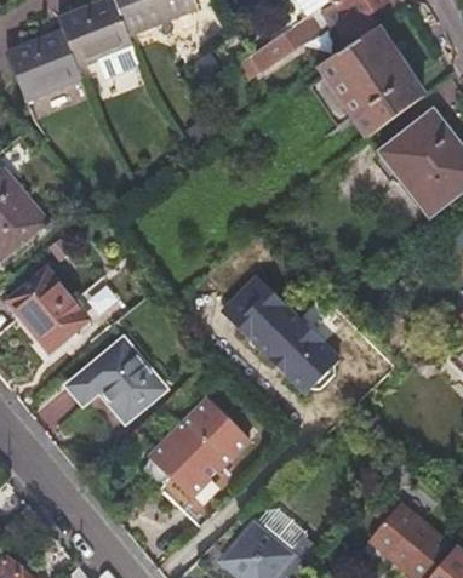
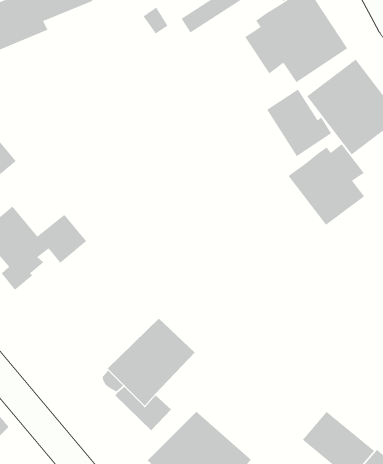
building: none -> [266,88,332,157]
building: none -> [288,143,365,226]
building: [223,277,336,385] -> none
building: [72,338,168,423] -> none

